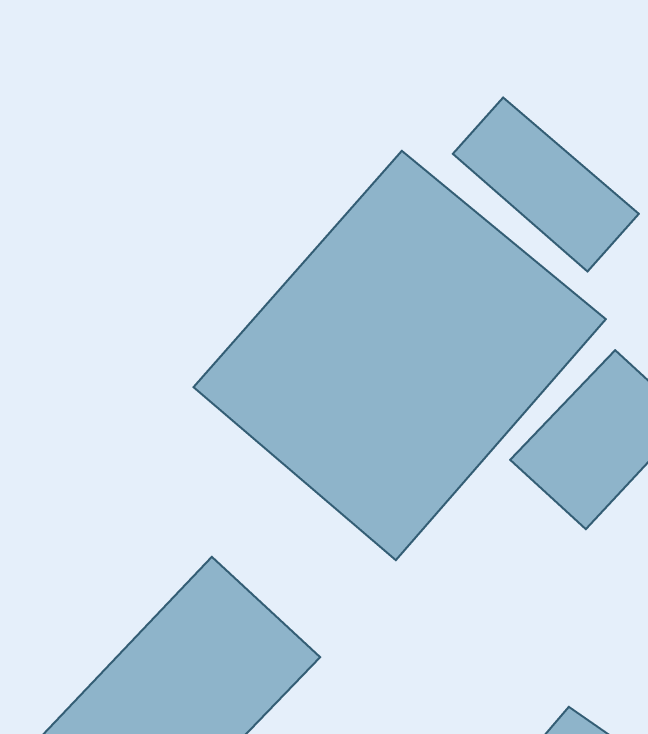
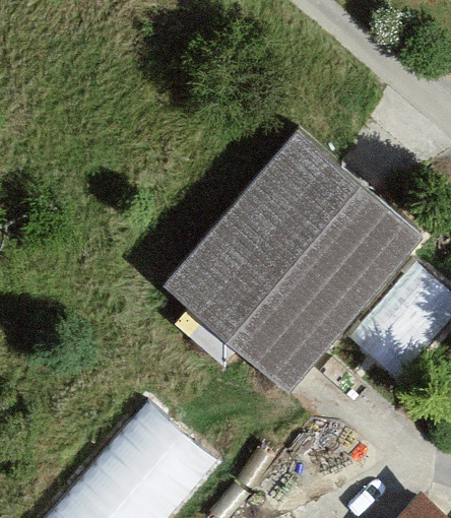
building: [453,98,639,271] -> none

